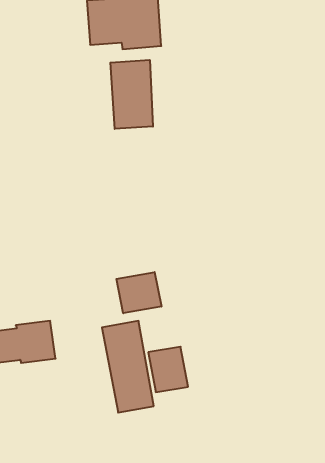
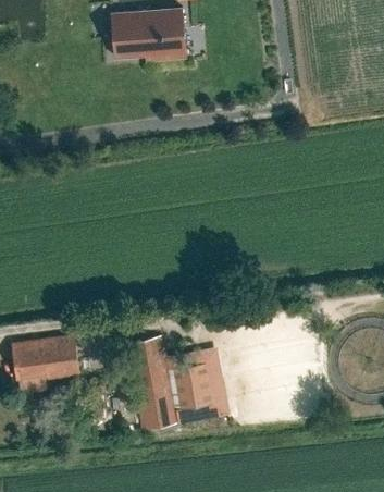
building: [110,60,153,129] -> none
building: [116,272,161,313] -> none

